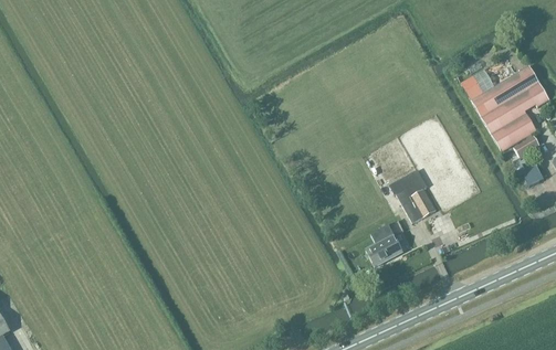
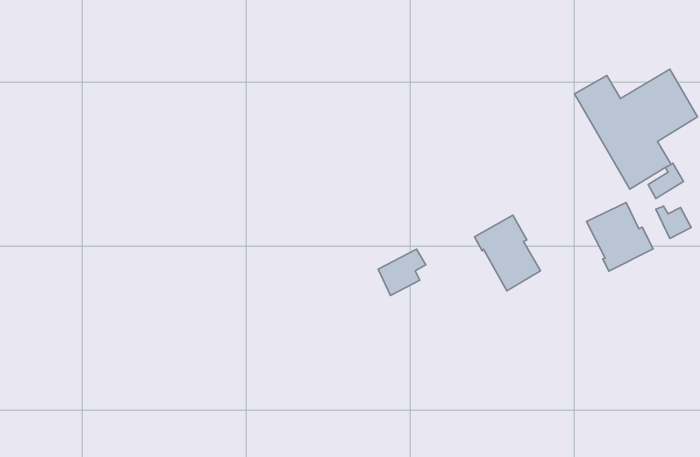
building: none -> [586,203,653,271]
building: [366,234,400,267] -> [378,249,426,295]

